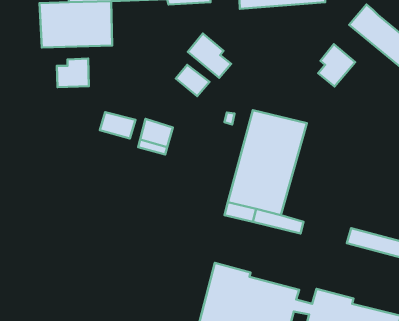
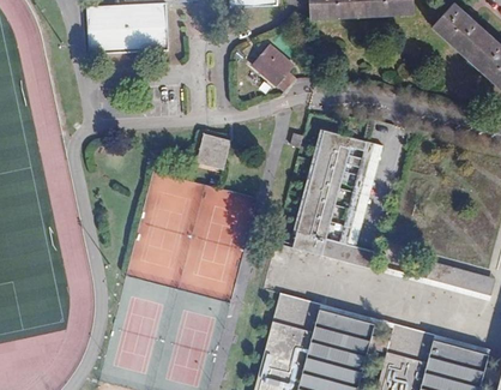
building: [318,44,355,87] -> none
building: [57,59,89,87] -> none
building: [176,65,209,96] -> none
building: [100,112,135,139] -> none

